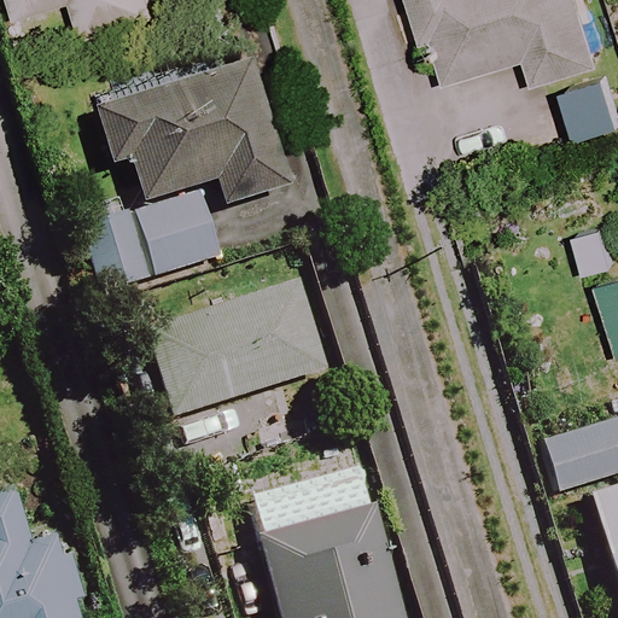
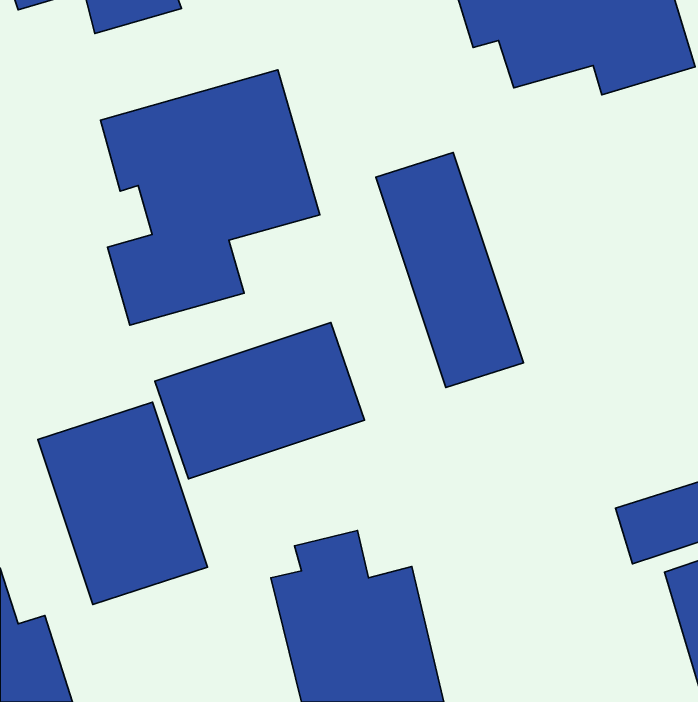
building: none -> [376,152,523,388]
building: none -> [38,402,207,604]

